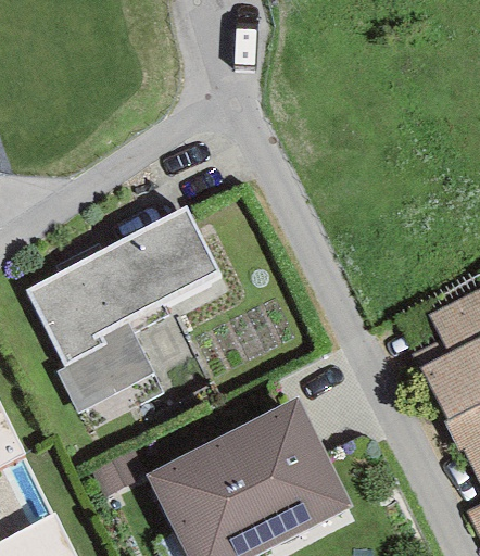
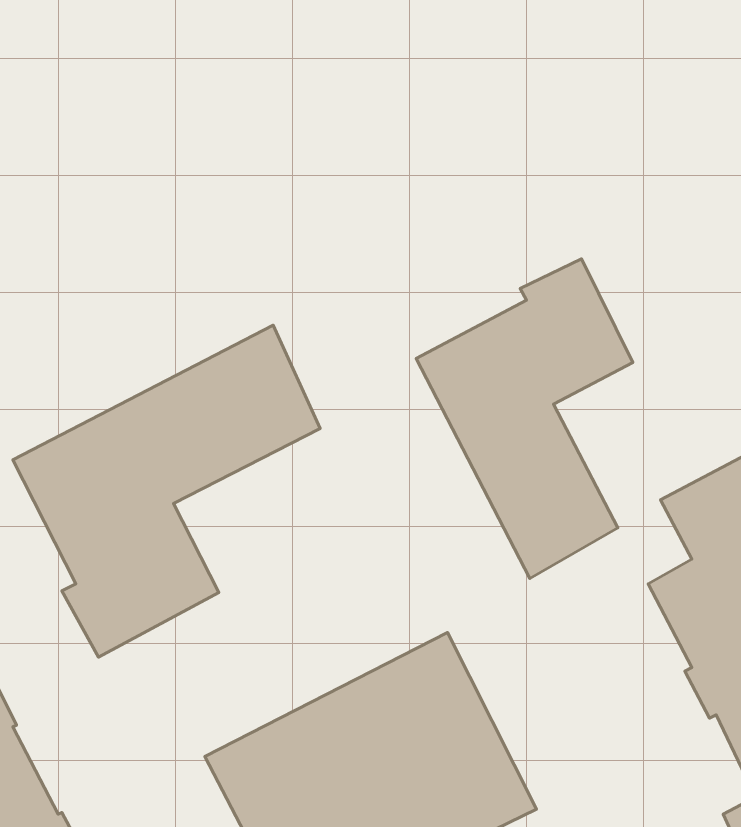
building: none -> [416,259,633,579]

